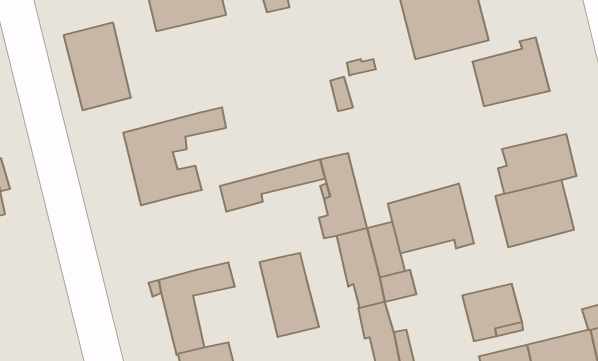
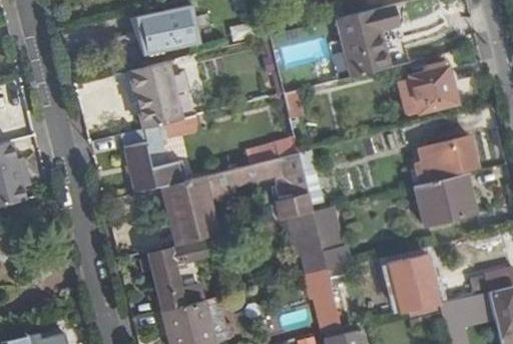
building: [64,23,131,110] -> [128,60,181,129]
building: [388,183,474,254] -> none
building: [260,253,319,337] -> [164,178,211,244]

